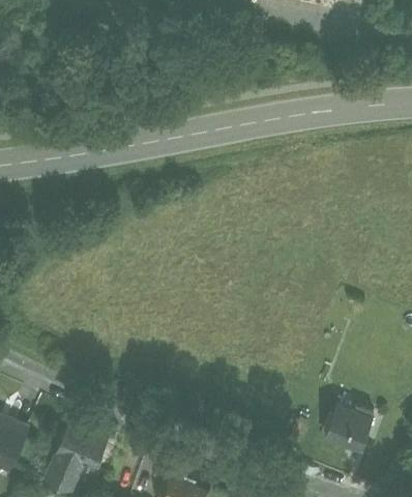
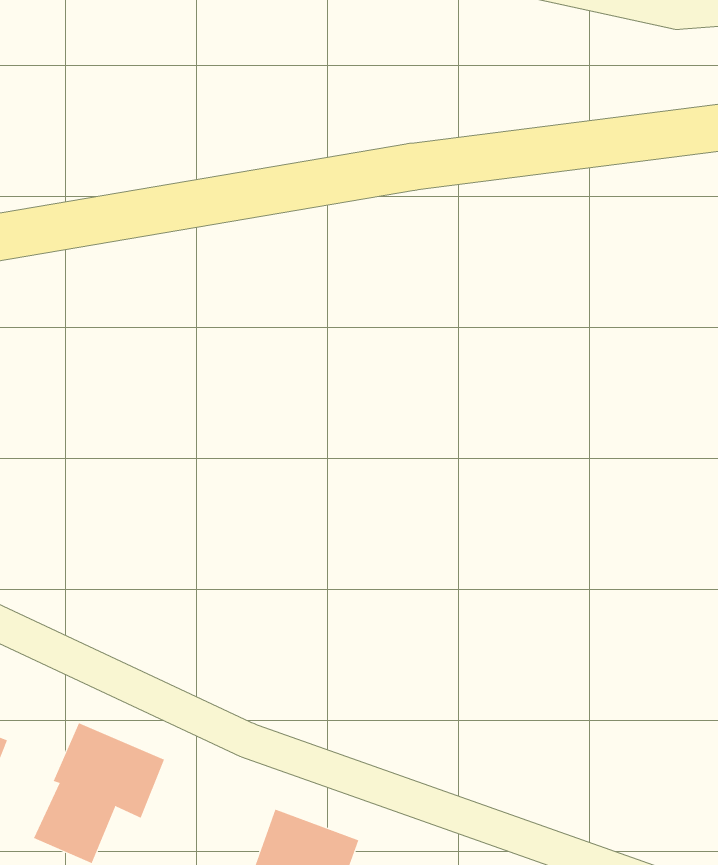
building: [323,402,374,450] -> none

